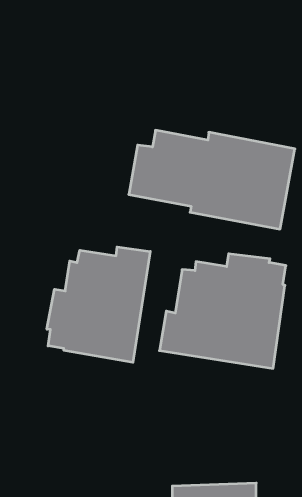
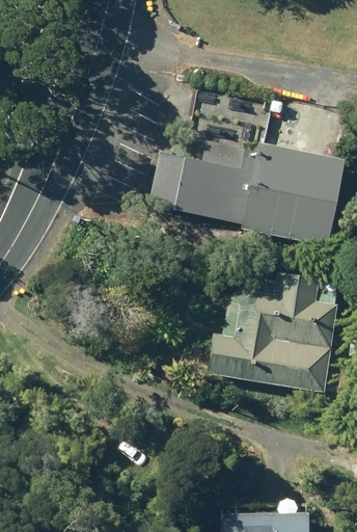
building: [47,247,150,362] -> none

